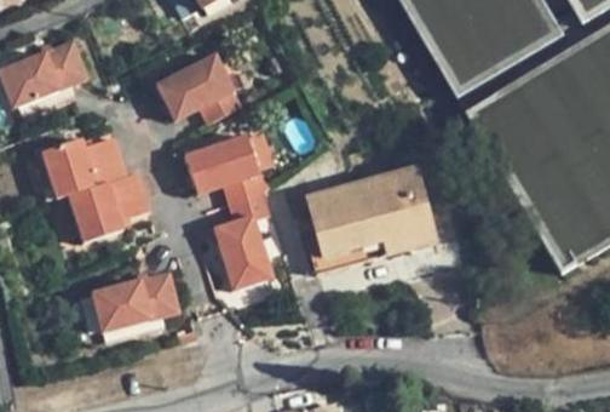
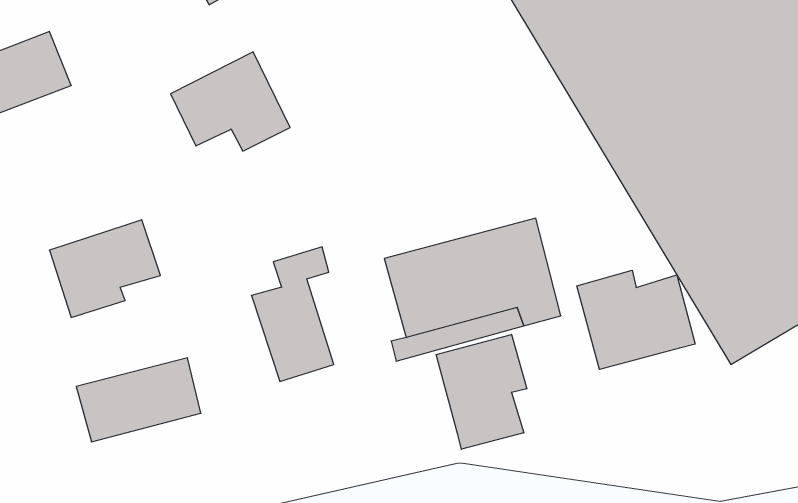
building: [185,135,265,202] -> none
building: [41,137,125,198] -> none
building: none -> [577,270,695,369]
building: none -> [436,334,527,449]

